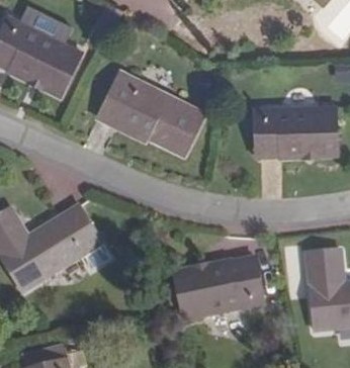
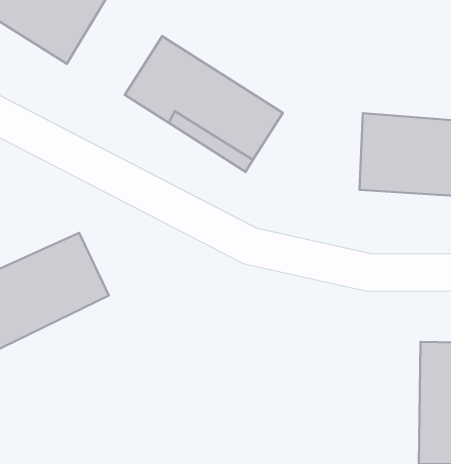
building: [173,255,263,320] -> none

